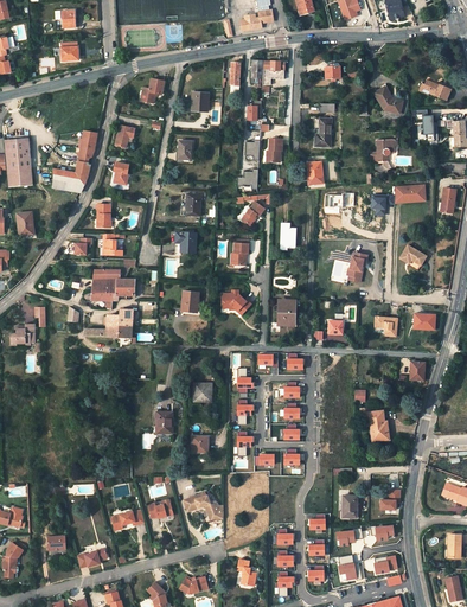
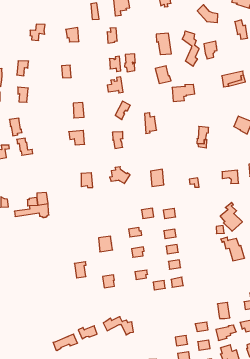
building: none -> [182,31,199,66]
building: [83,280,133,301] -> none
building: none -> [220,202,242,231]

